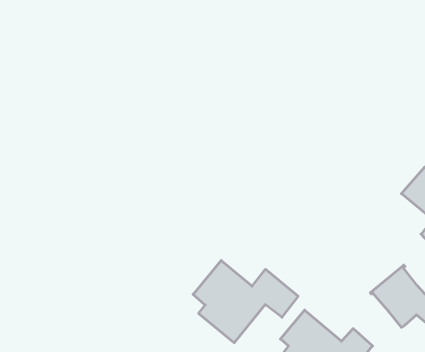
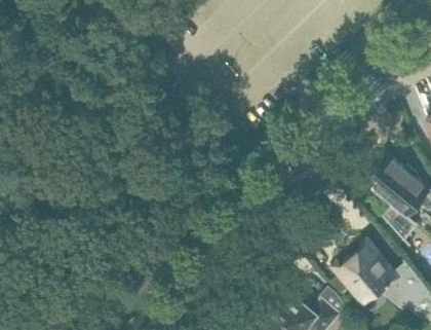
building: [193,260,298,343] -> none

